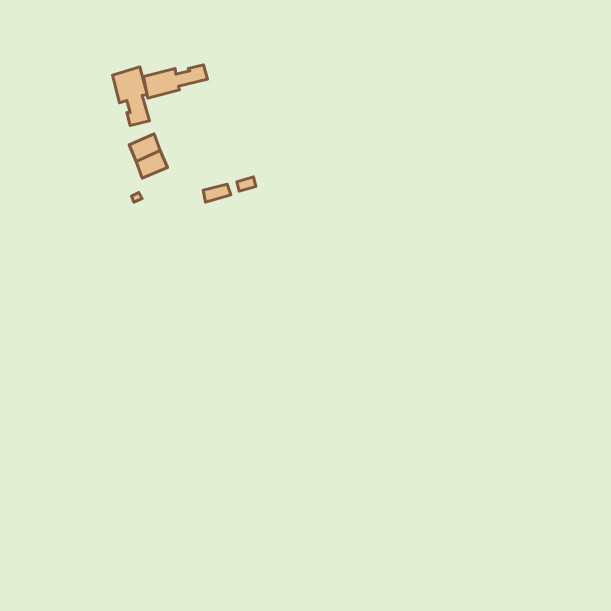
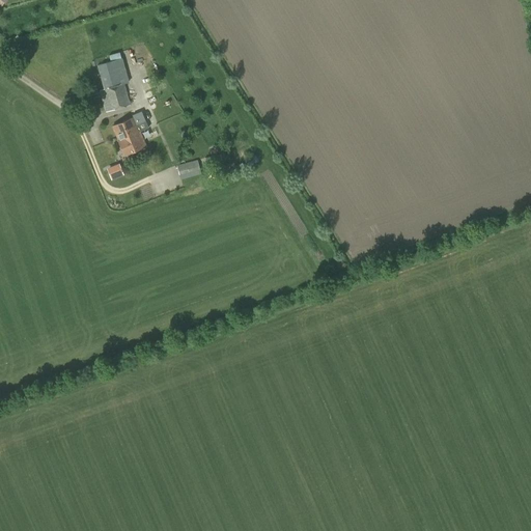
building: [144,65,207,98] -> none

